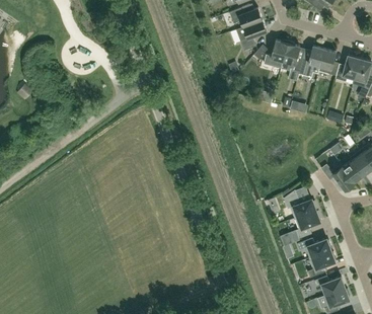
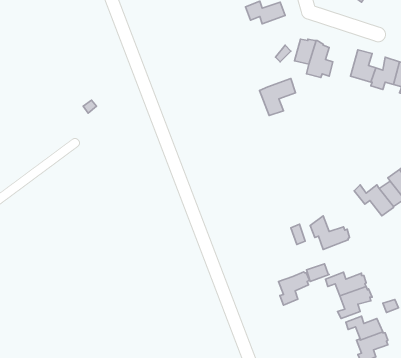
building: [236,20,267,52] -> [260,79,295,116]
building: [299,47,324,78] -> none
building: [295,211,321,239] -> [279,272,310,305]

